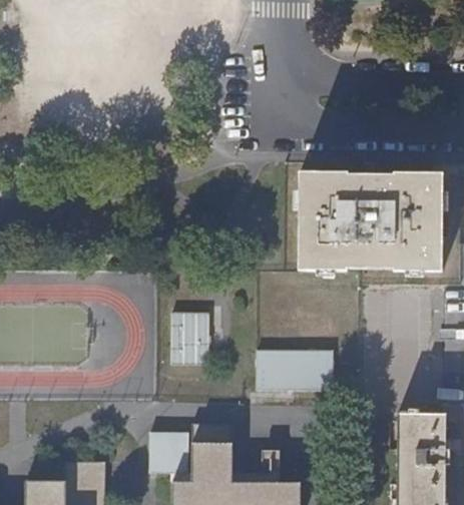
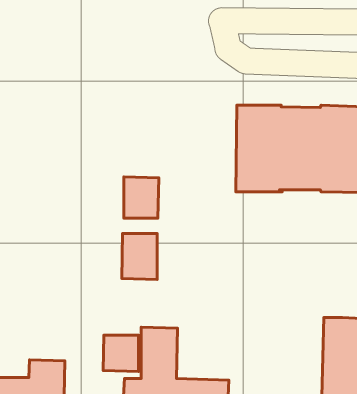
building: none -> [124,177,159,218]
building: [254,352,332,392] -> none

